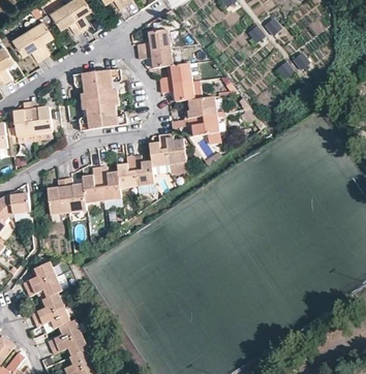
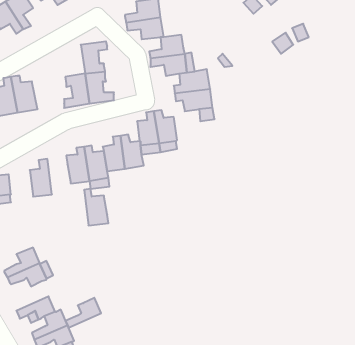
building: [72,72,99,102] -> none
building: [64,178,87,212] -> [84,189,108,225]
building: [32,292,65,320] -> [66,298,101,328]

